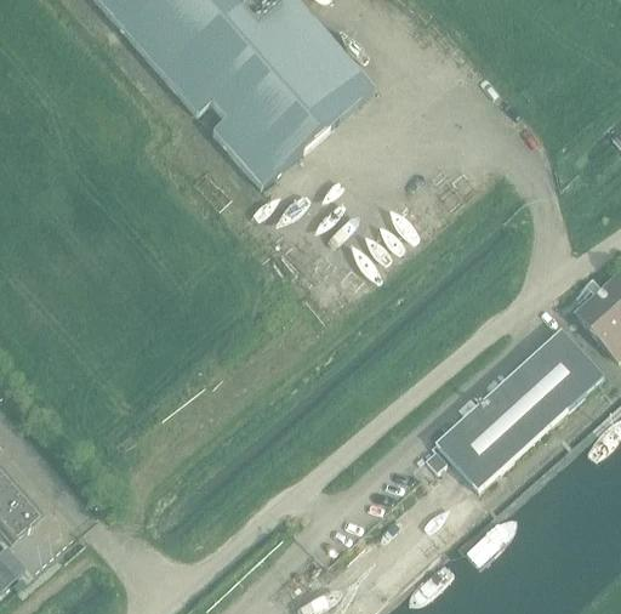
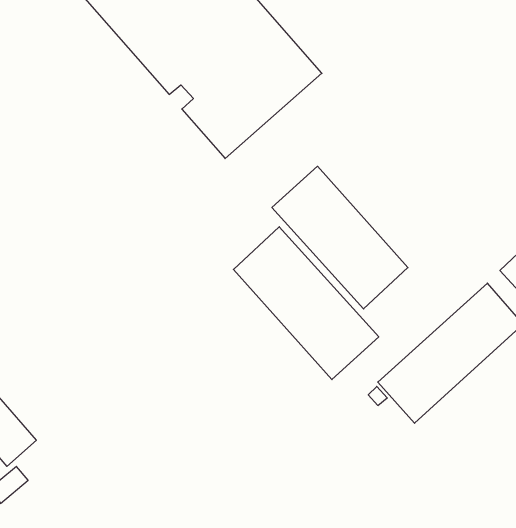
building: none -> [272,166,408,309]
building: none -> [233,227,379,380]

